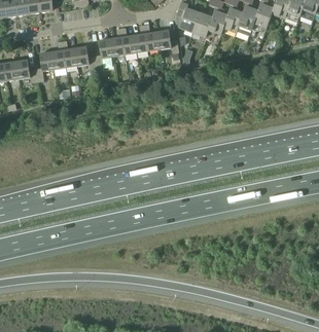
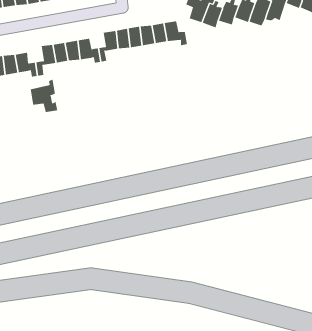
building: none -> [30,79,58,113]

